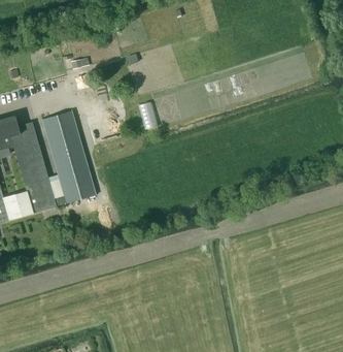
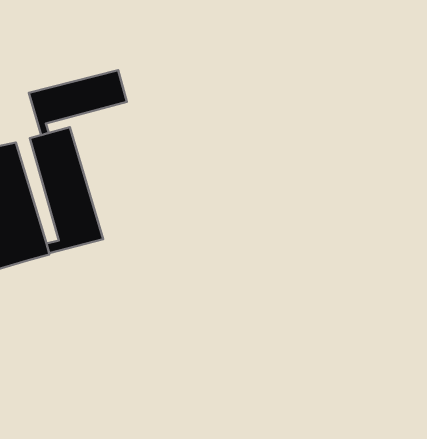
building: none -> [29,70,127,135]

